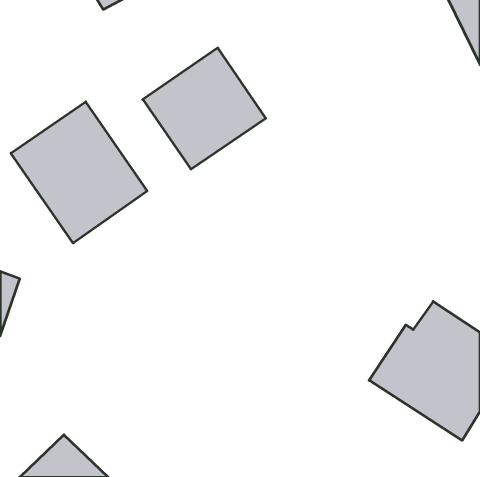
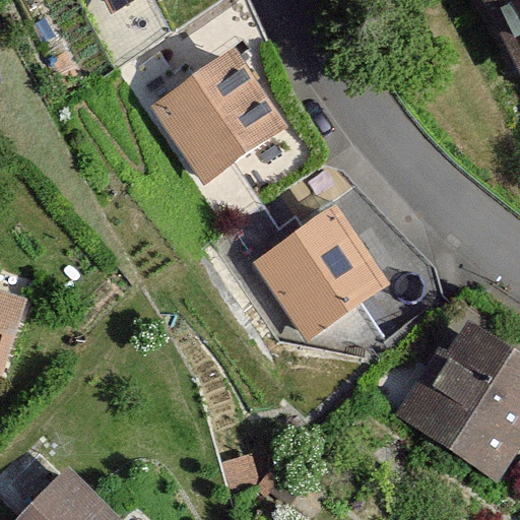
building: [11,102,147,243] -> none
building: none -> [255,210,385,338]

